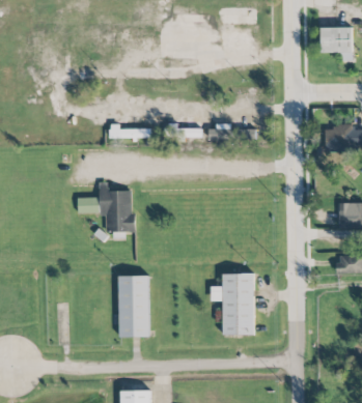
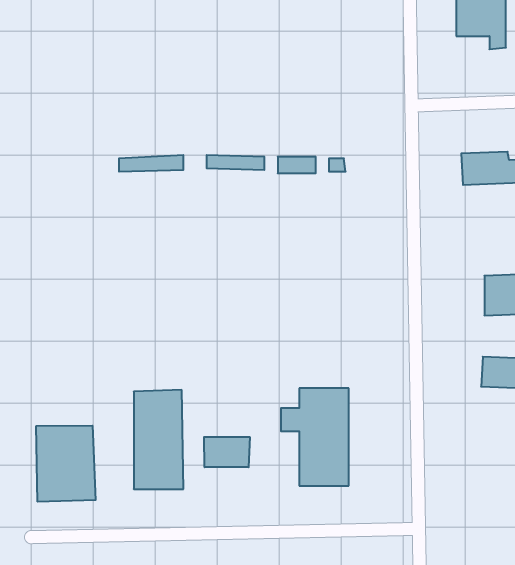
building: [78,182,136,232] -> none
building: none -> [36,426,96,502]
building: none -> [204,437,250,467]

